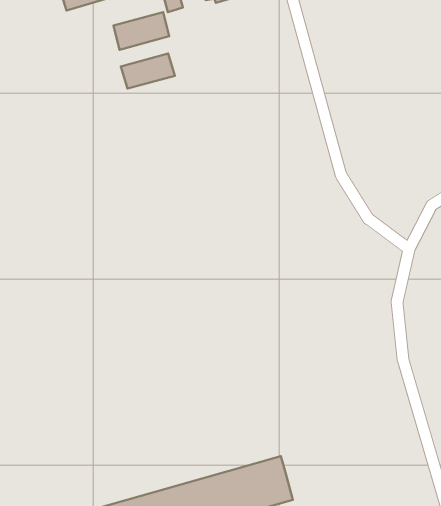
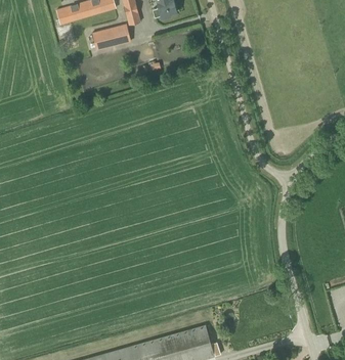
building: [121,53,175,89] -> none

